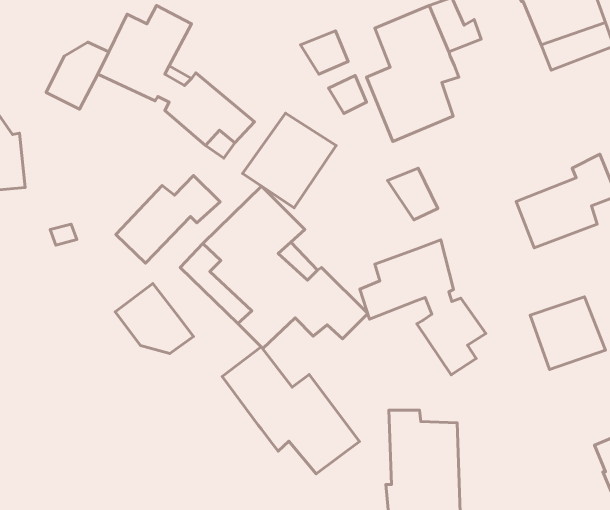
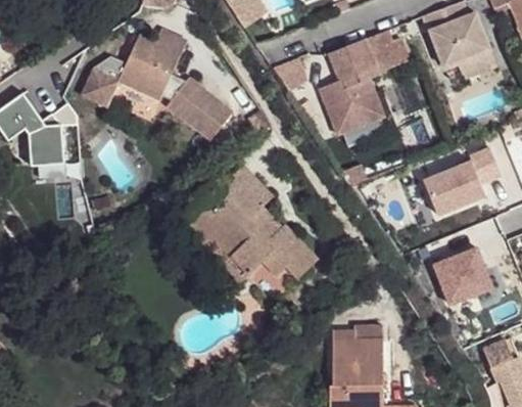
building: [243,113,336,208] -> none
building: [116,176,220,263] -> none
building: [360,240,486,375] -> none
building: [115,284,193,353] -> none
building: [222,347,360,474] -> none

